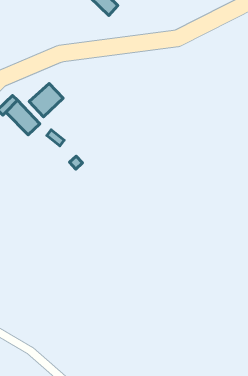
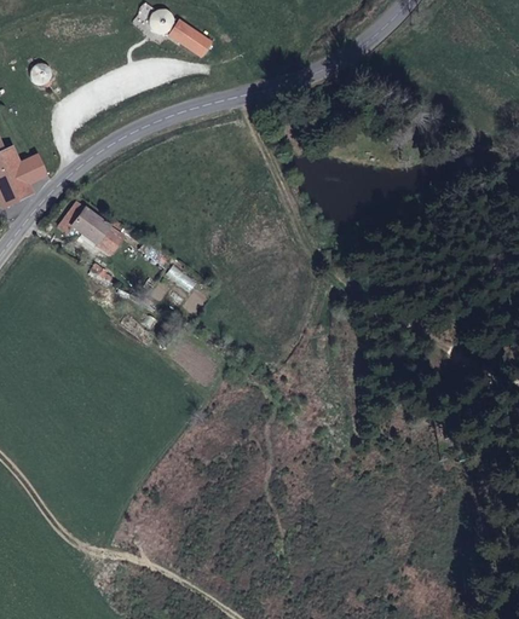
building: [29,84,63,117] -> none

